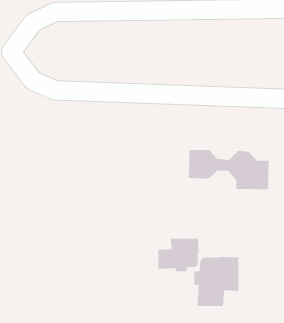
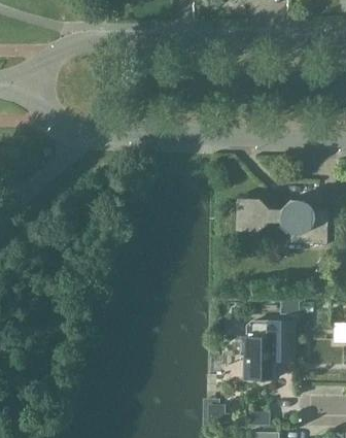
building: [158,238,199,272] -> none

